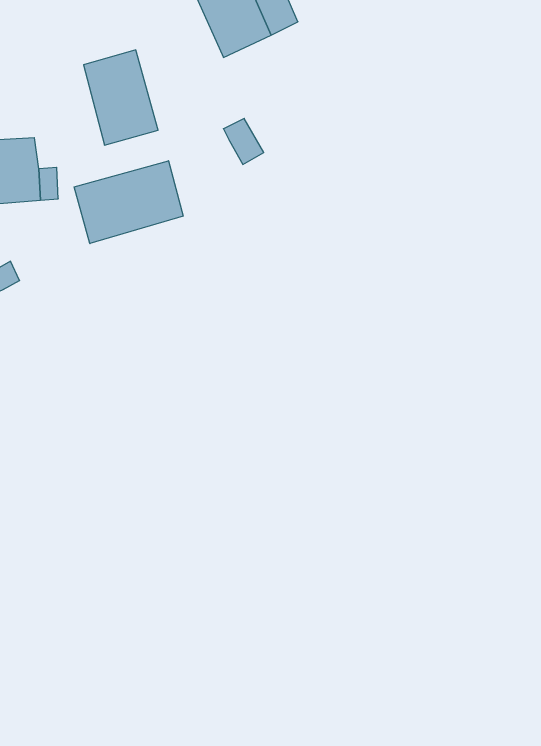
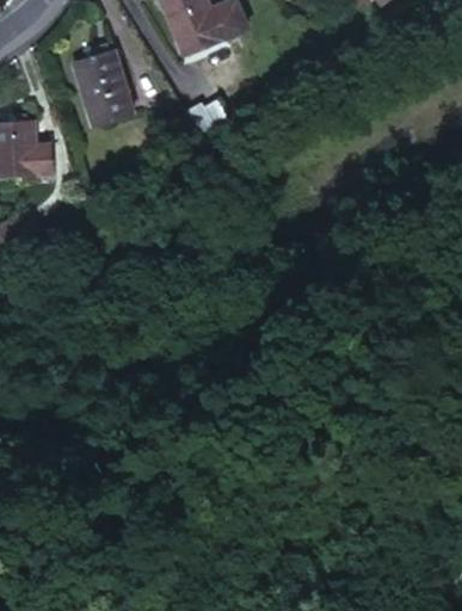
building: [74,161,183,244] -> none

